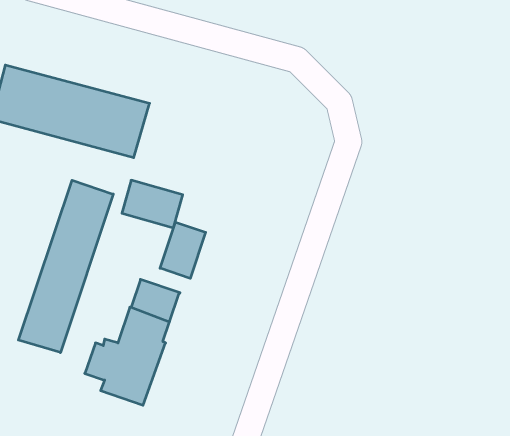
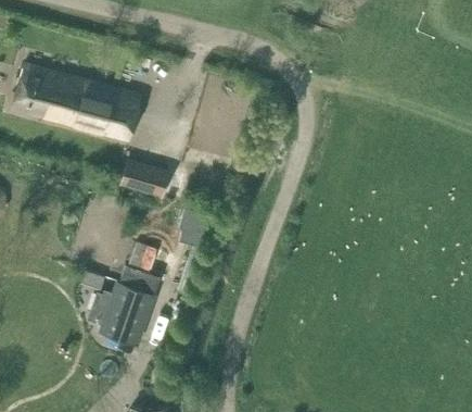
building: [18,180,113,353] -> none
building: [160,222,206,278] -> none

